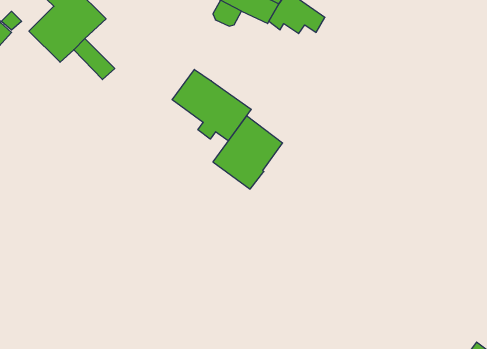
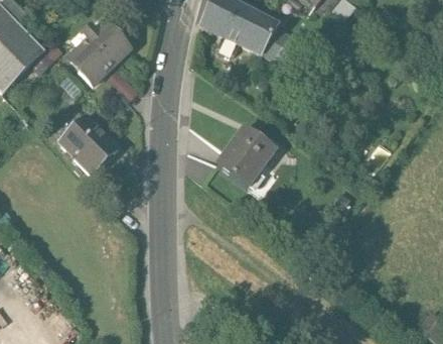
building: [172,69,251,141] -> none
building: none -> [59,112,120,174]

